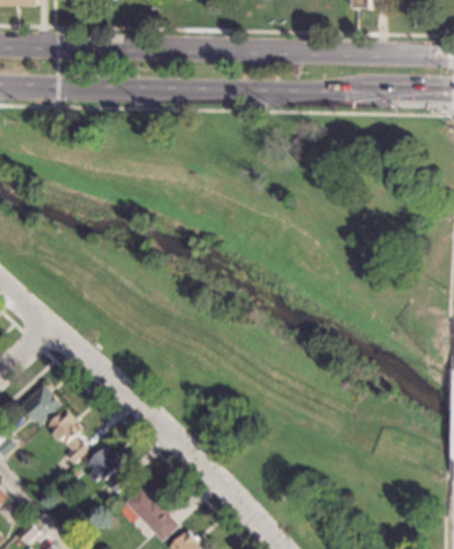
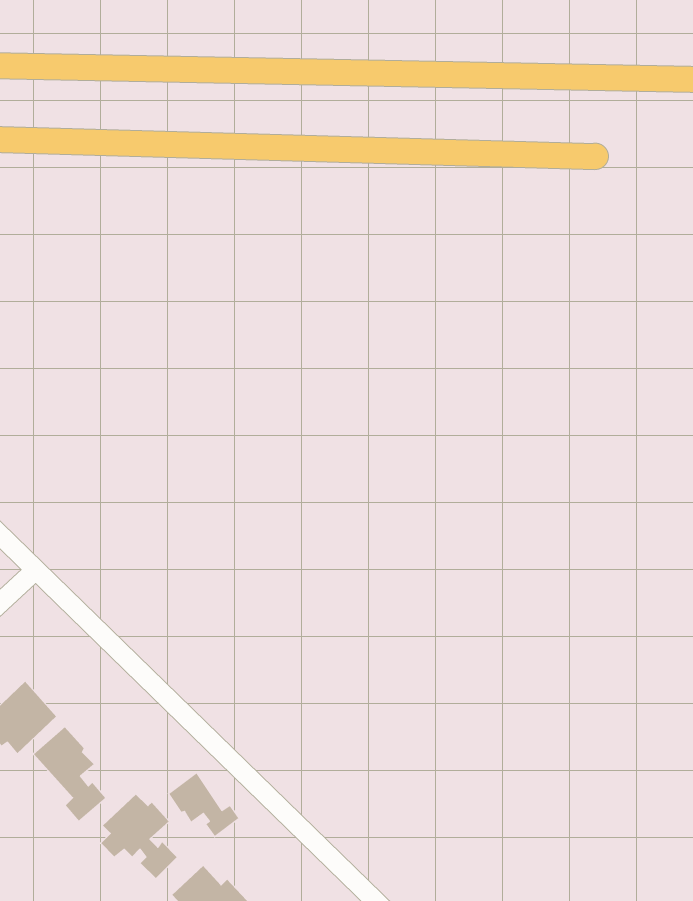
building: none -> [168,773,239,837]

